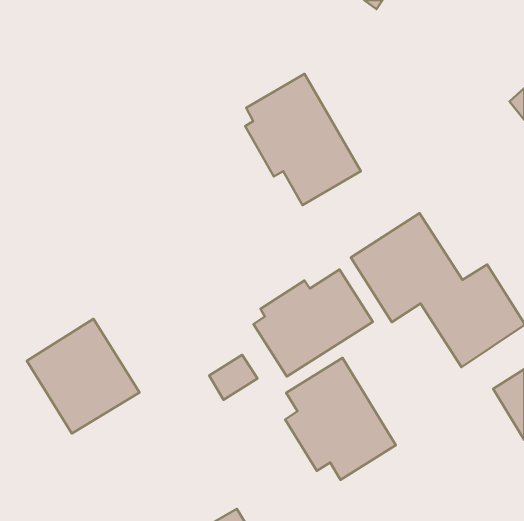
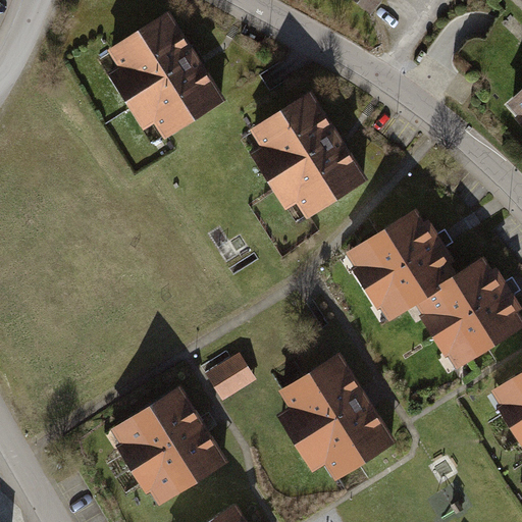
building: none -> [108,11,216,129]
building: [254,270,373,376] -> none
building: [27,319,140,434] -> [113,390,225,505]

